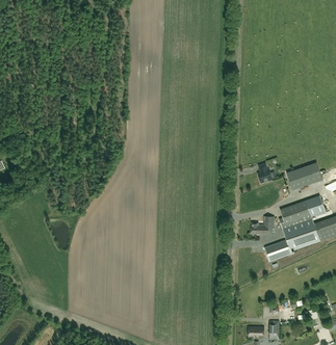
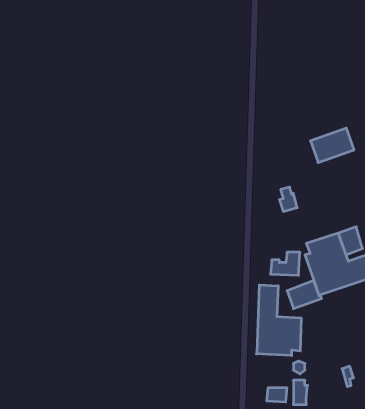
building: [287,162,322,190] -> [310,128,354,163]
building: none -> [256,285,301,356]

